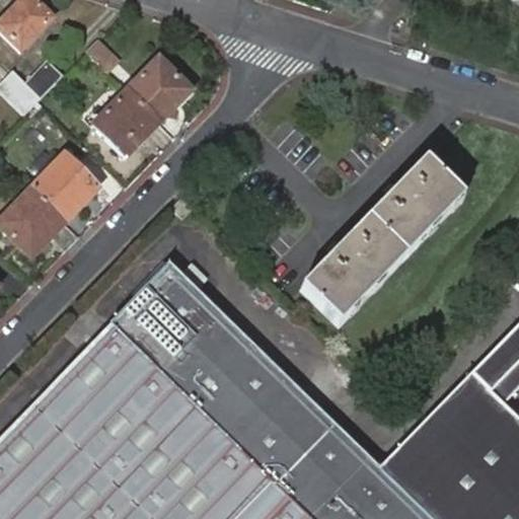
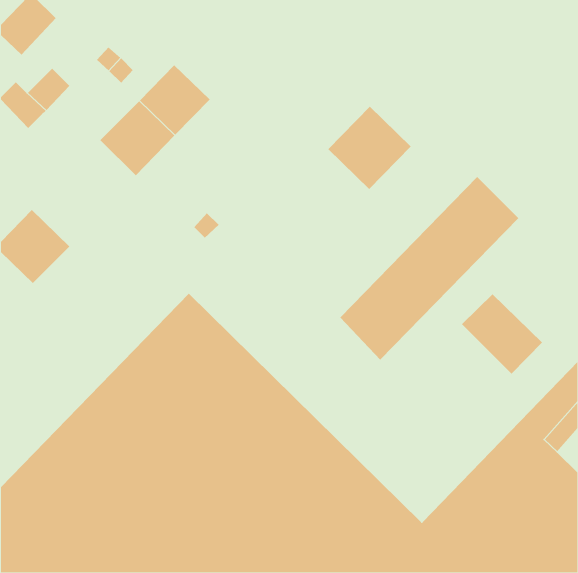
building: none -> [328,106,411,190]
building: [28,153,96,221] -> none
building: none -> [461,293,543,374]

